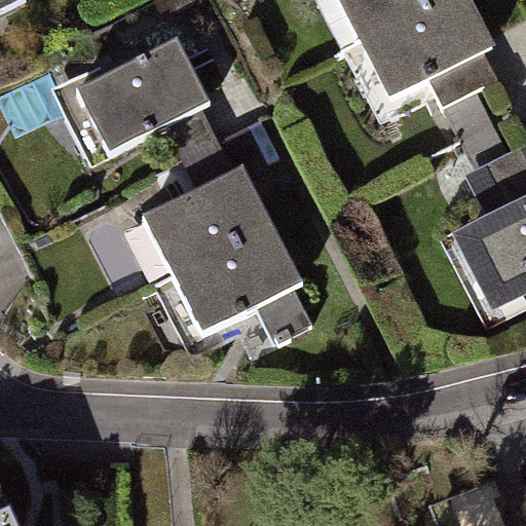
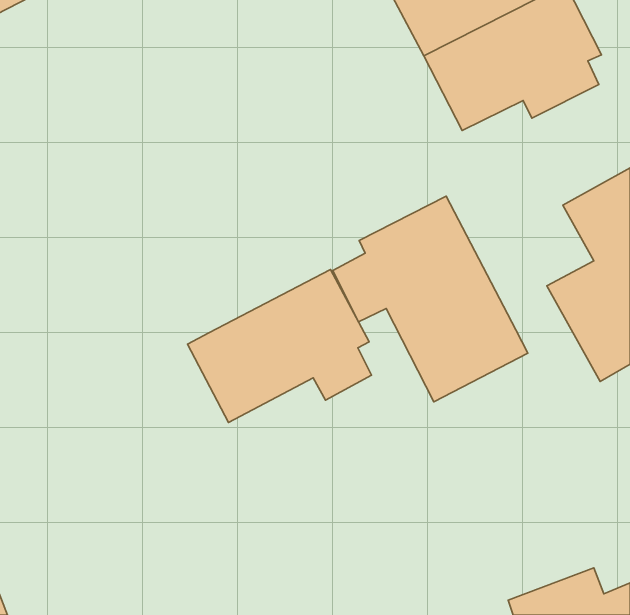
building: [77,36,213,150] -> none
building: none -> [333,196,528,402]
building: [141,162,273,275] -> none

